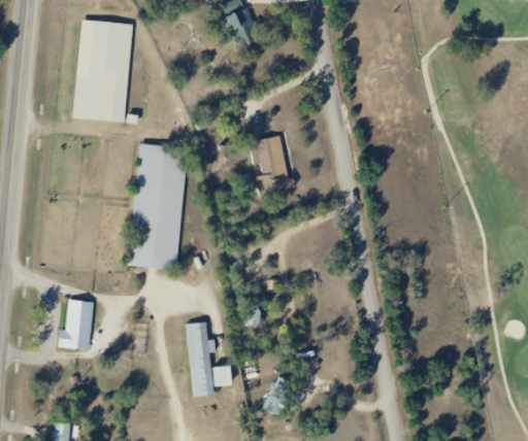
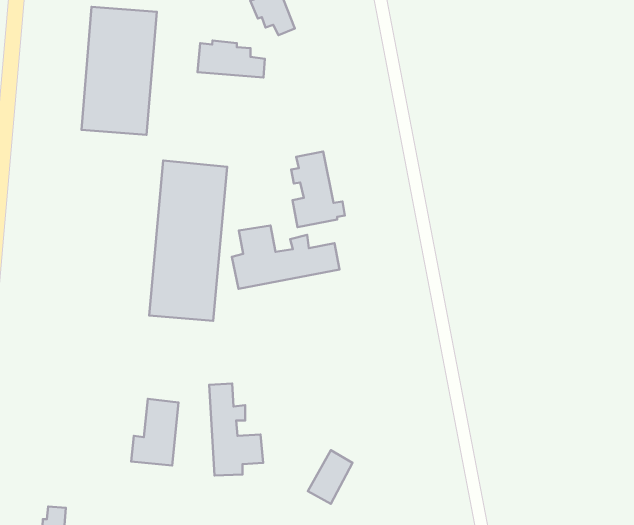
building: none -> [197,40,265,78]
building: none -> [232,226,340,289]
building: [54,298,92,351] -> [131,399,178,465]

